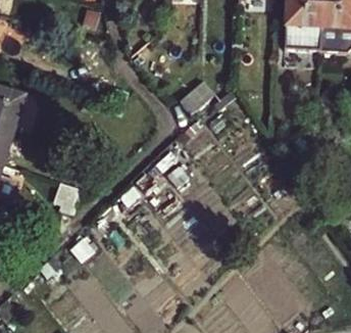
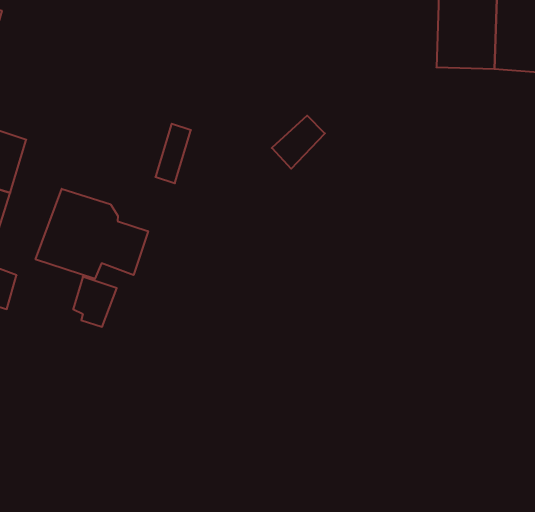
building: none -> [36,189,148,279]

